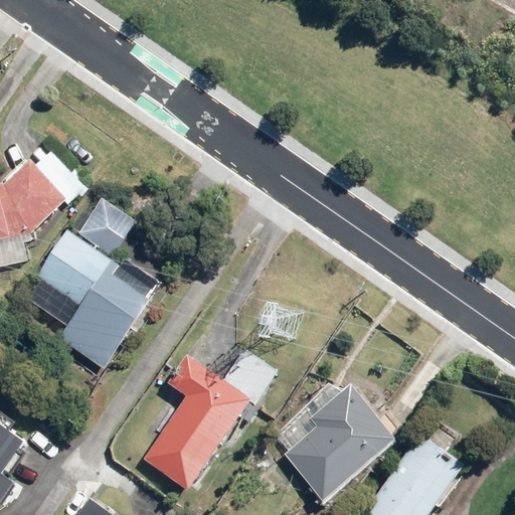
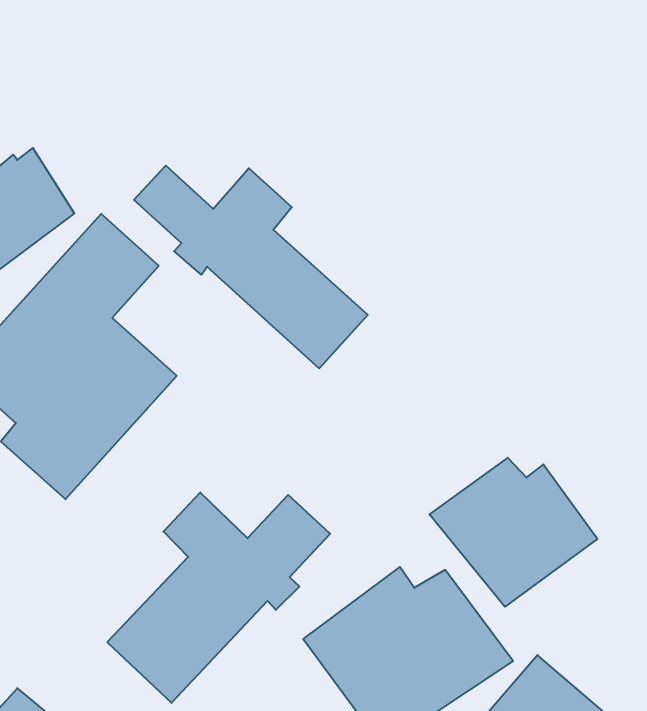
building: none -> [134,166,368,368]
building: none -> [429,458,597,607]

